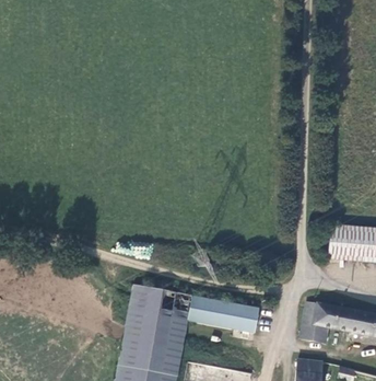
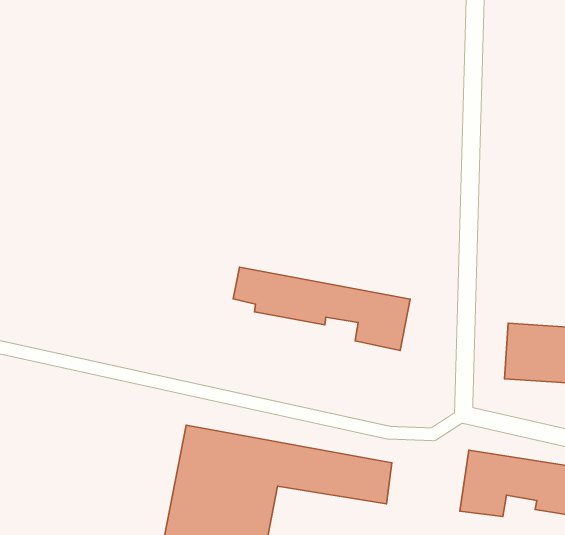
building: none -> [233,267,410,350]

